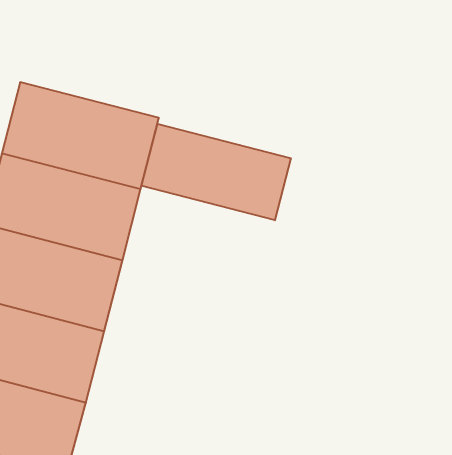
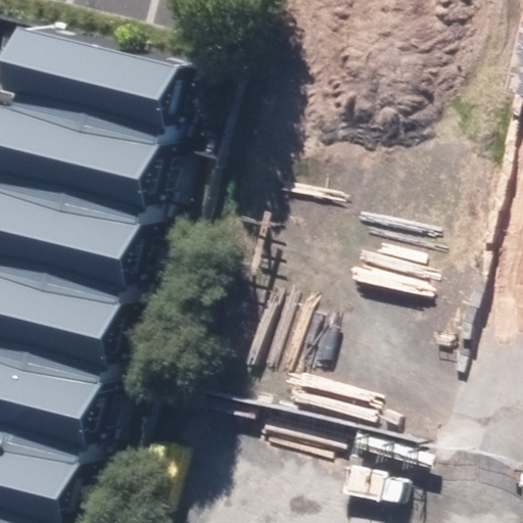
building: none -> [22,26,198,145]
building: [141,124,291,220] -> none

